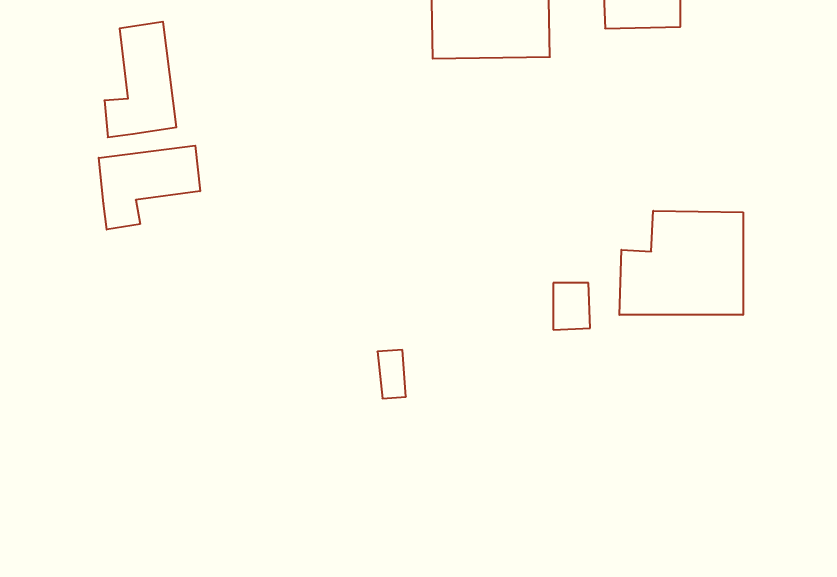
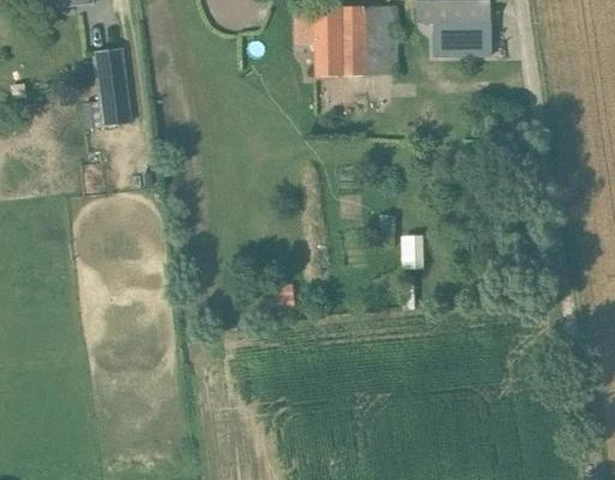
building: [99,146,200,230] -> none
building: [619,211,743,315] -> none

